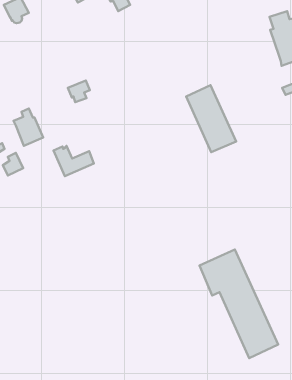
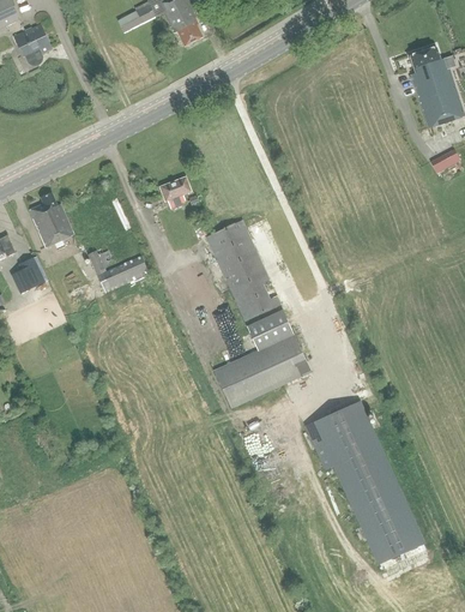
building: [68,80,90,102] -> [159,175,192,208]
building: [186,85,236,152] -> [206,220,280,319]
building: none -> [213,308,312,408]

